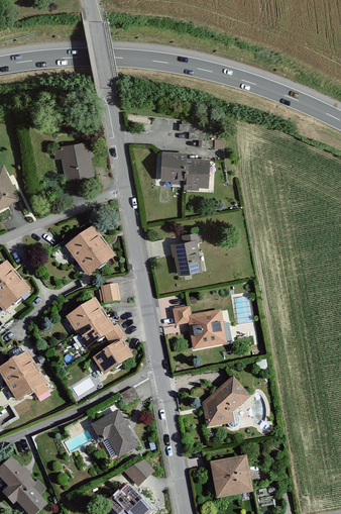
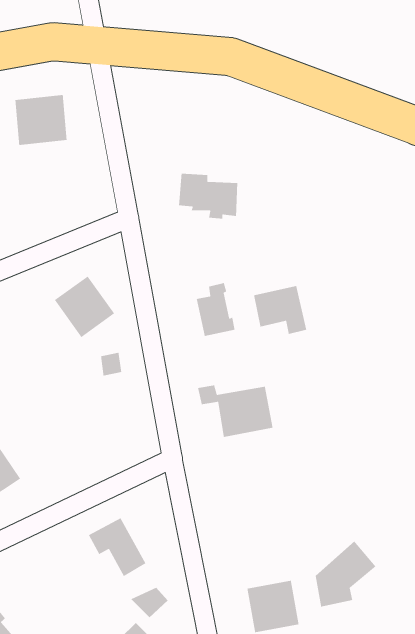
building: [54,141,94,180] -> [14,94,68,146]
building: none -> [253,285,307,335]
building: [70,302,129,370] -> none
building: [203,375,248,424] -> [315,540,376,607]

